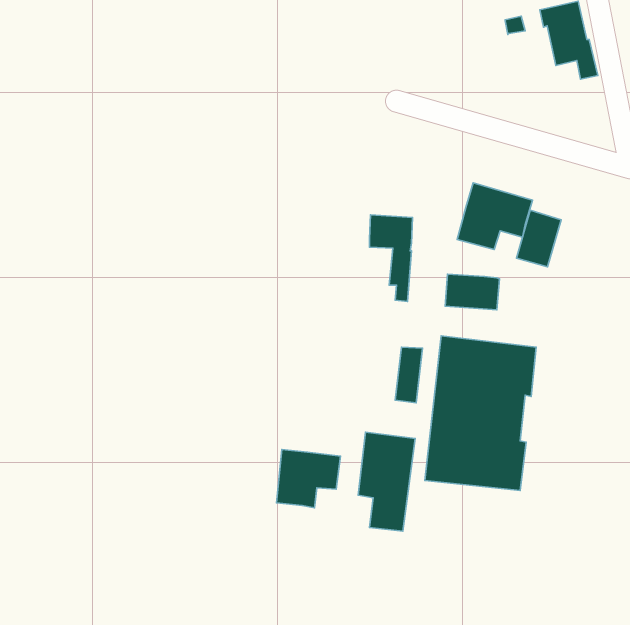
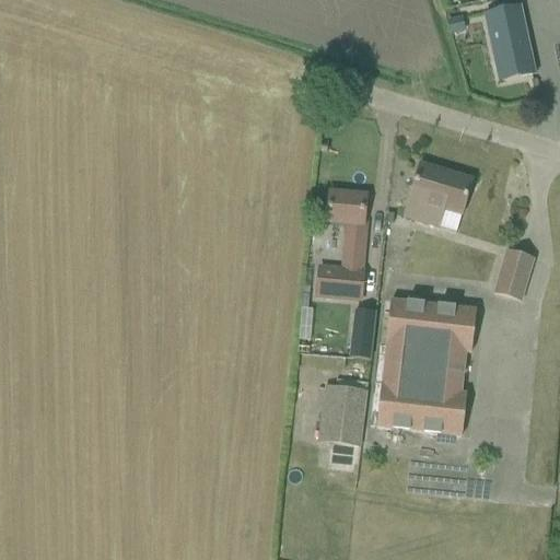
building: [517,210,561,267] -> [494,248,534,299]
building: [445,274,499,310] -> [316,264,364,295]
building: [276,449,341,508] -> none

